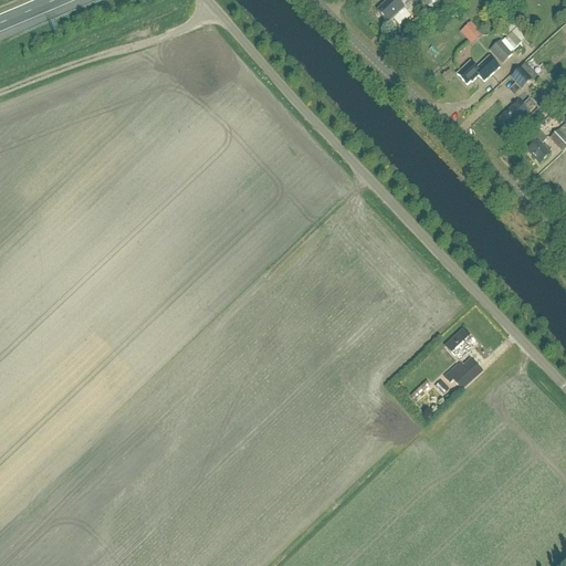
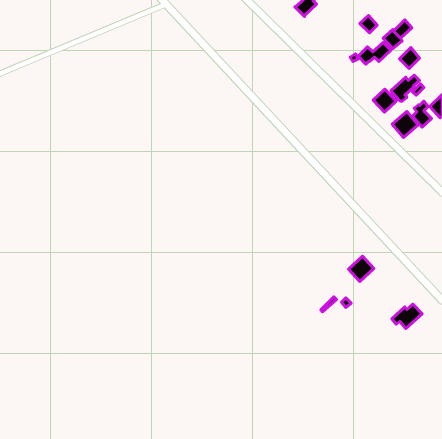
building: none -> [373,89,396,112]
building: none -> [392,112,418,138]
building: [444,357,483,388] -> [392,304,422,328]

